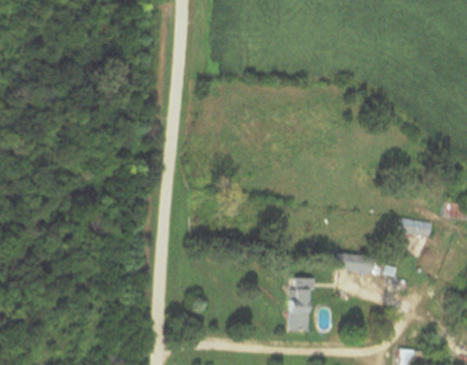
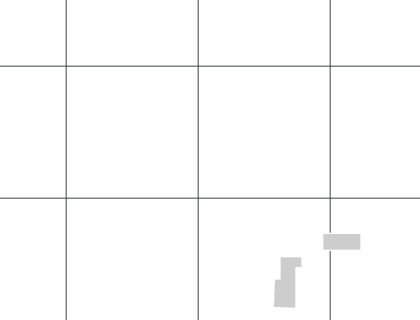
building: [401,219,431,245] -> none

